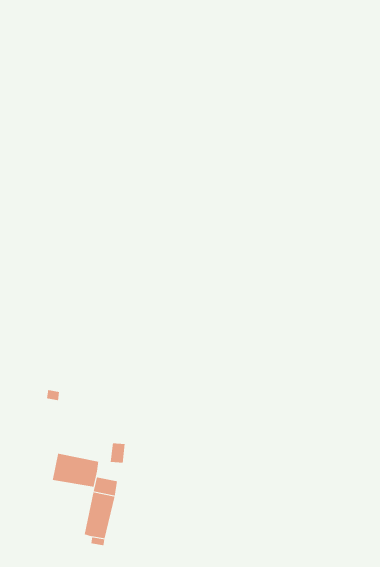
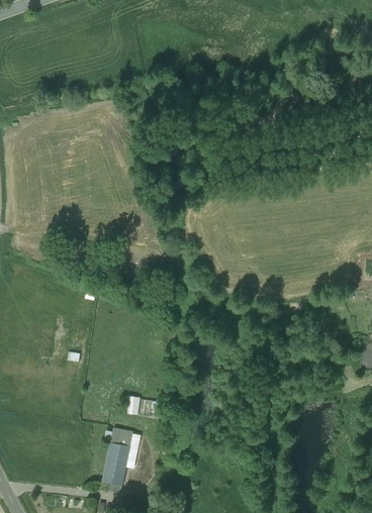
building: [52,453,99,487] -> none

